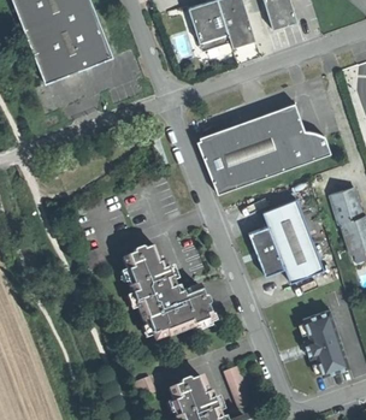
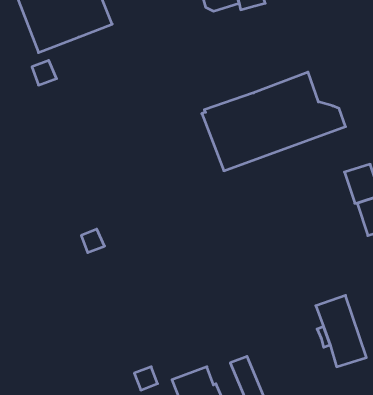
building: [248,200,324,283] -> none
building: [123,247,212,341] -> none

